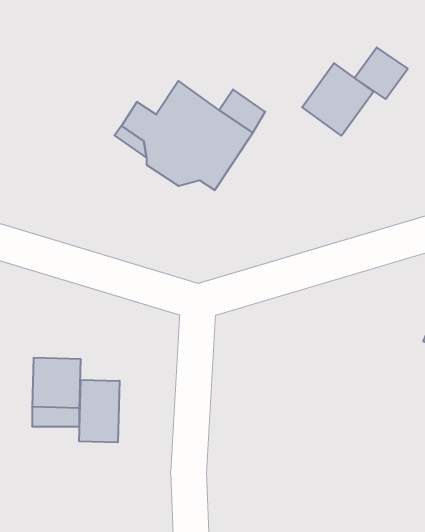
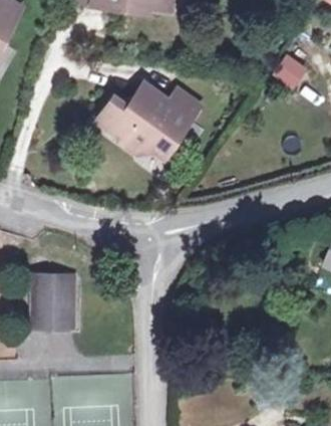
building: [302,63,373,136] -> none
building: [79,380,120,442] -> none

